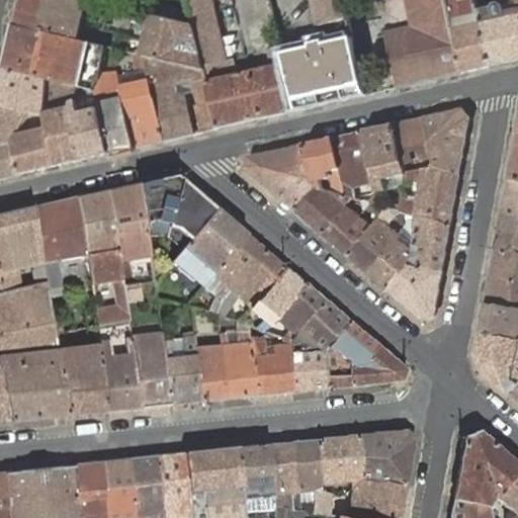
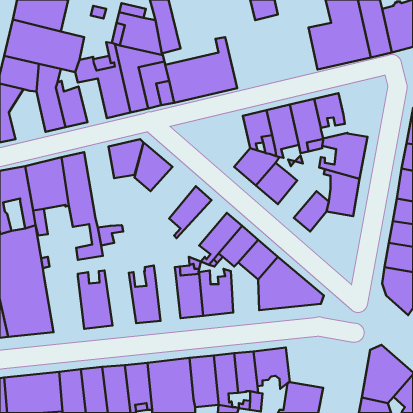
building: [283,38,363,101] -> none
building: [97,98,134,153] -> none
building: [423,108,469,171] -> none
building: [11,124,57,174] -> none
building: [245,145,313,208] -> none
building: [105,183,150,273] -> none
building: [347,206,406,272] -> none
building: [172,208,245,285] -> none
building: [213,250,283,317] -> none
building: [387,264,441,320] -> none
building: [131,334,170,407] -> none
building: [55,343,105,415] -> none
building: [194,344,226,401] -> none
building: [289,349,324,391] -> none
building: [357,429,412,485] -> none

